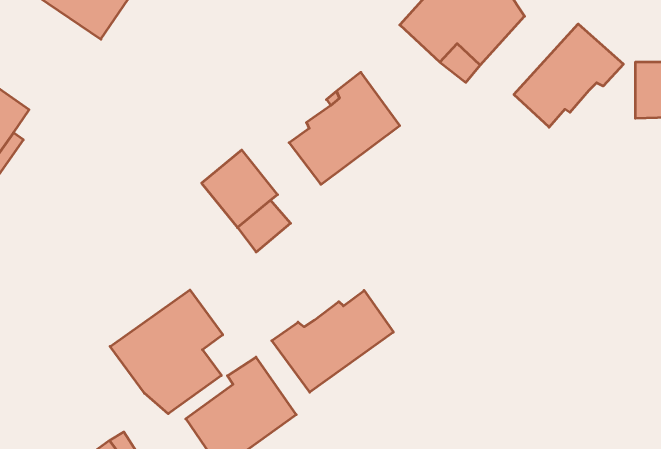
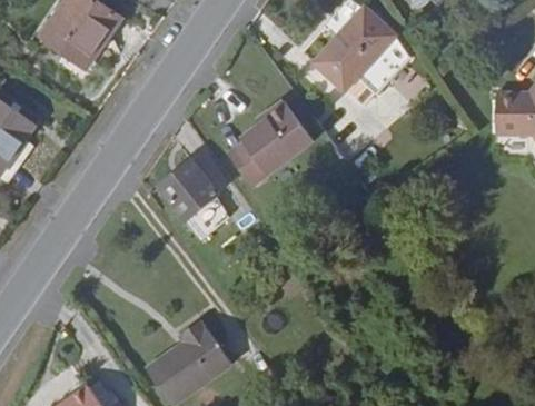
building: [514,24,623,127] -> none
building: [110,290,223,414] -> none
building: [272,290,393,392] -> none

